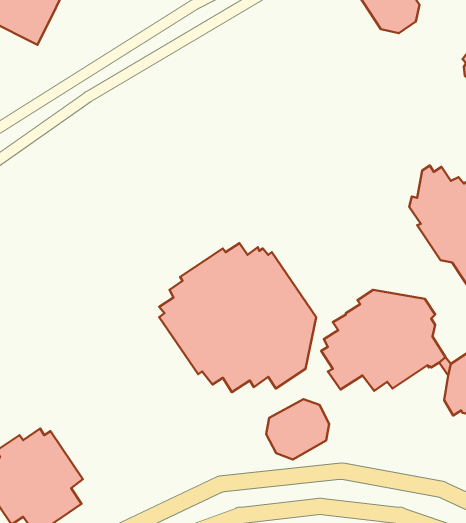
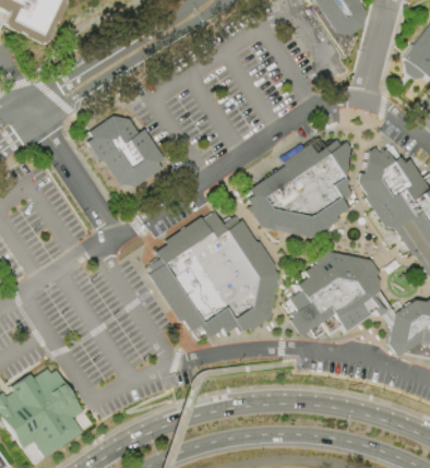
building: none -> [86,115,164,187]
building: none -> [248,137,353,237]
building: [266,399,329,460] -> none

